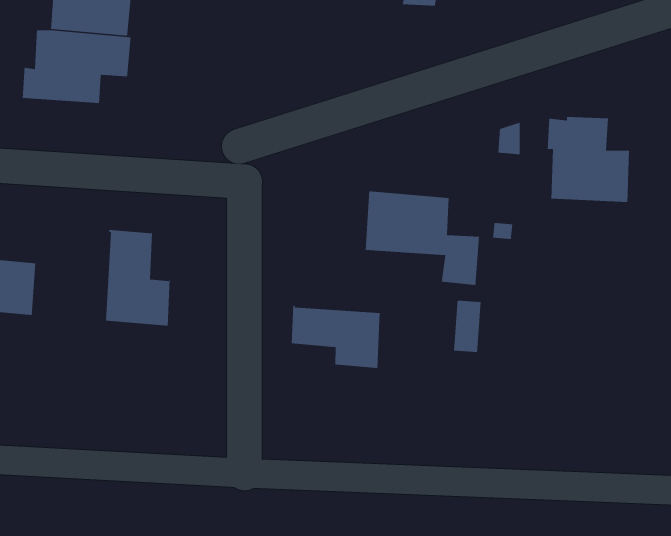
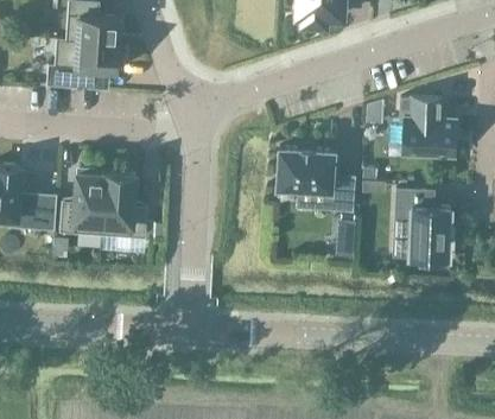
building: none -> [59,170,106,235]
building: none -> [394,189,451,260]
building: [291,305,380,369] -> none

